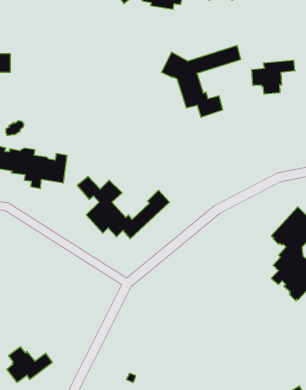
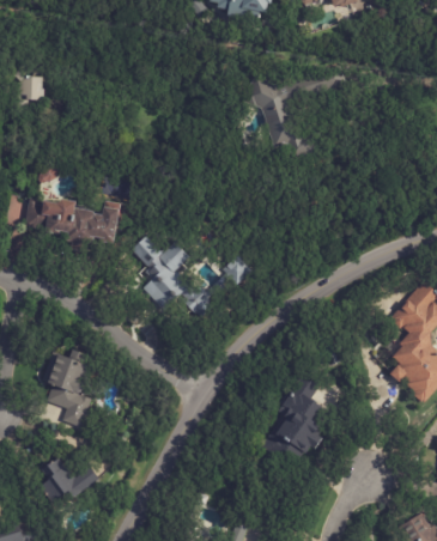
building: [252,60,295,94] -> none
building: none -> [42,351,92,428]
building: none -> [262,373,327,468]

